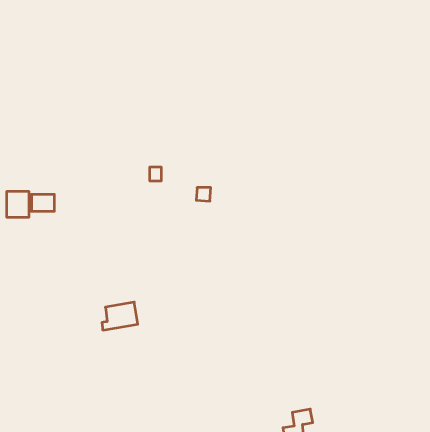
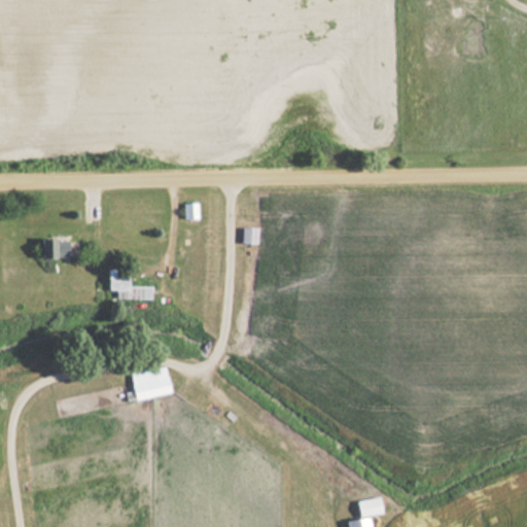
building: [7,191,29,217] -> none
building: none -> [109,270,153,300]

